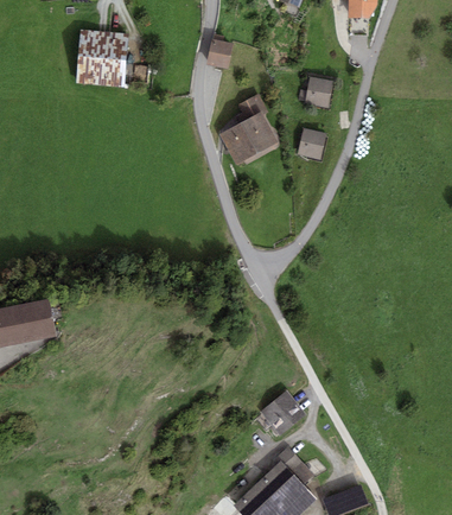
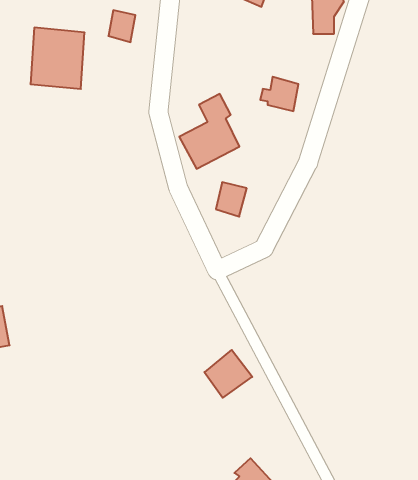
building: [206,39,233,70] -> [108,10,135,42]
building: [297,127,326,160] -> [216,182,247,217]
building: [260,389,306,435] -> [204,350,252,398]

